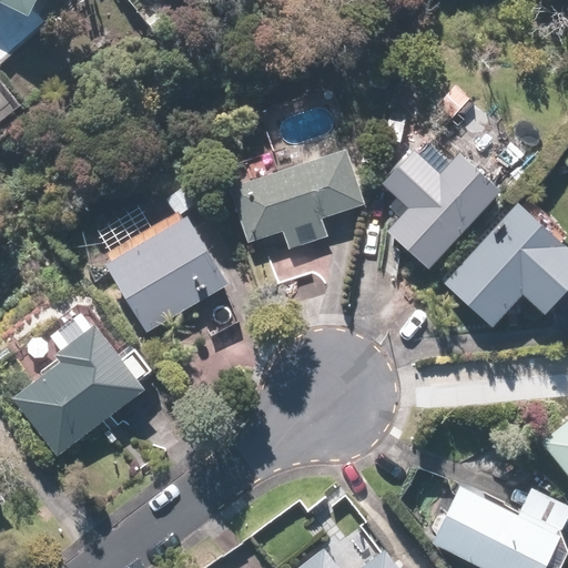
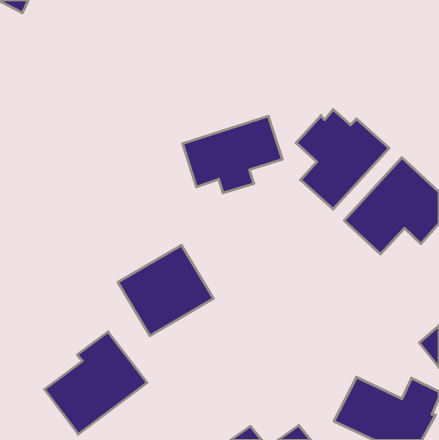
building: [105,216,229,333] -> [118,245,213,336]
building: [13,324,145,456] -> [45,332,147,434]

